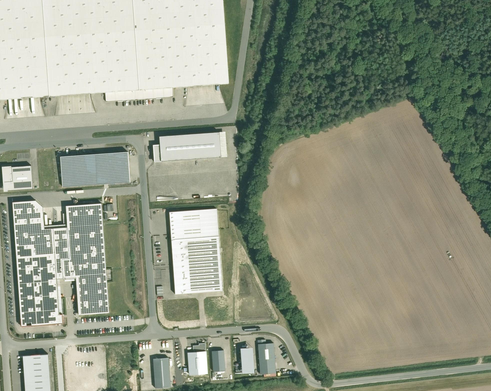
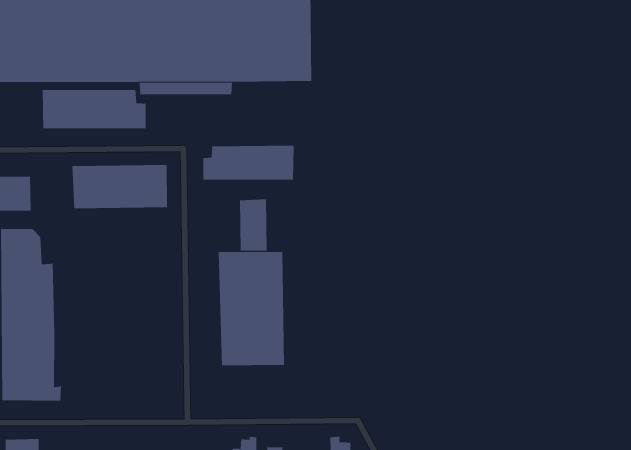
building: none -> [42,89,146,129]
building: none -> [239,198,267,251]
building: [50,202,107,312] -> none

